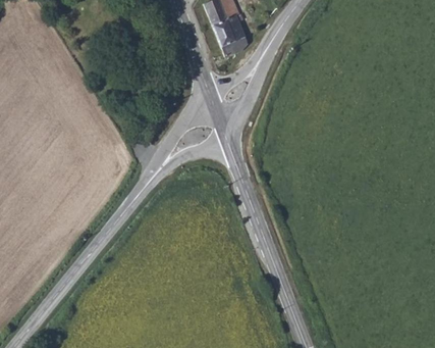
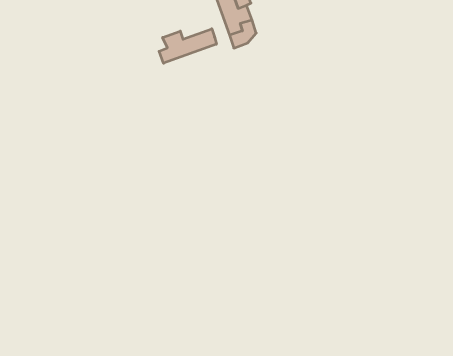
building: none -> [159,29,216,63]

